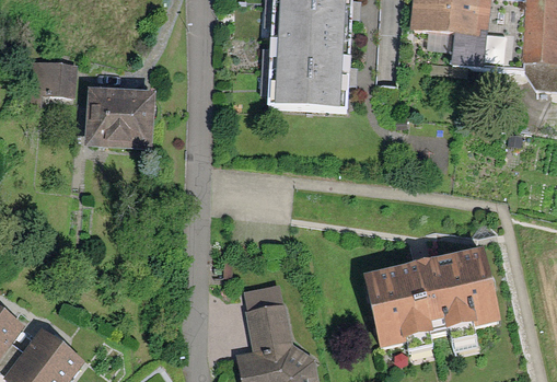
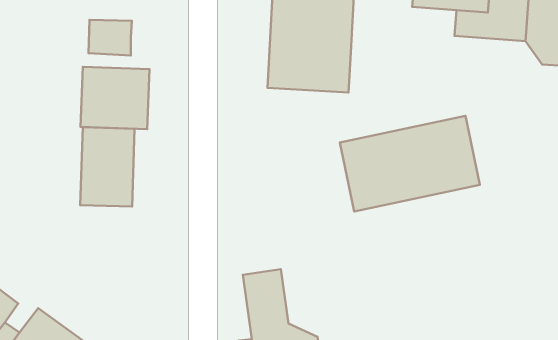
building: [26,58,69,93] -> [88,20,132,55]
building: none -> [80,127,135,206]
building: [360,253,498,347] -> [340,116,480,212]

